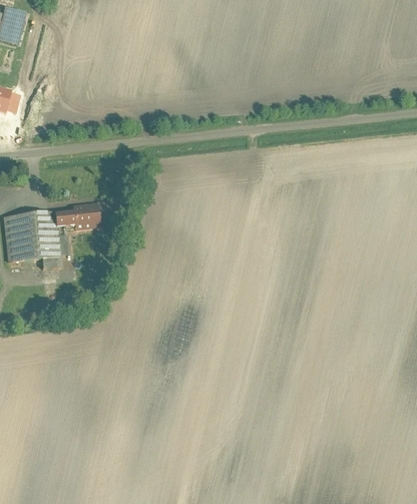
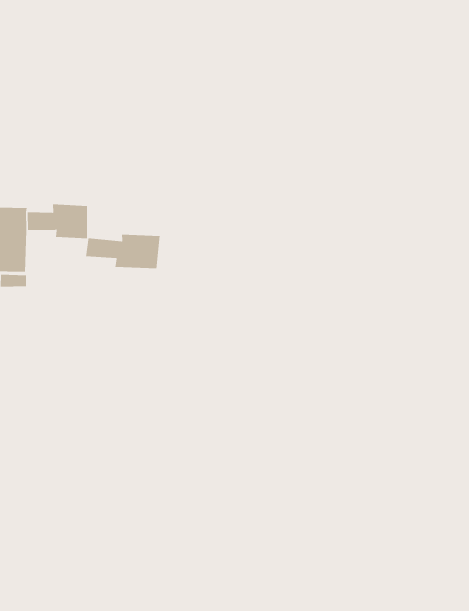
building: none -> [86,234,160,269]

